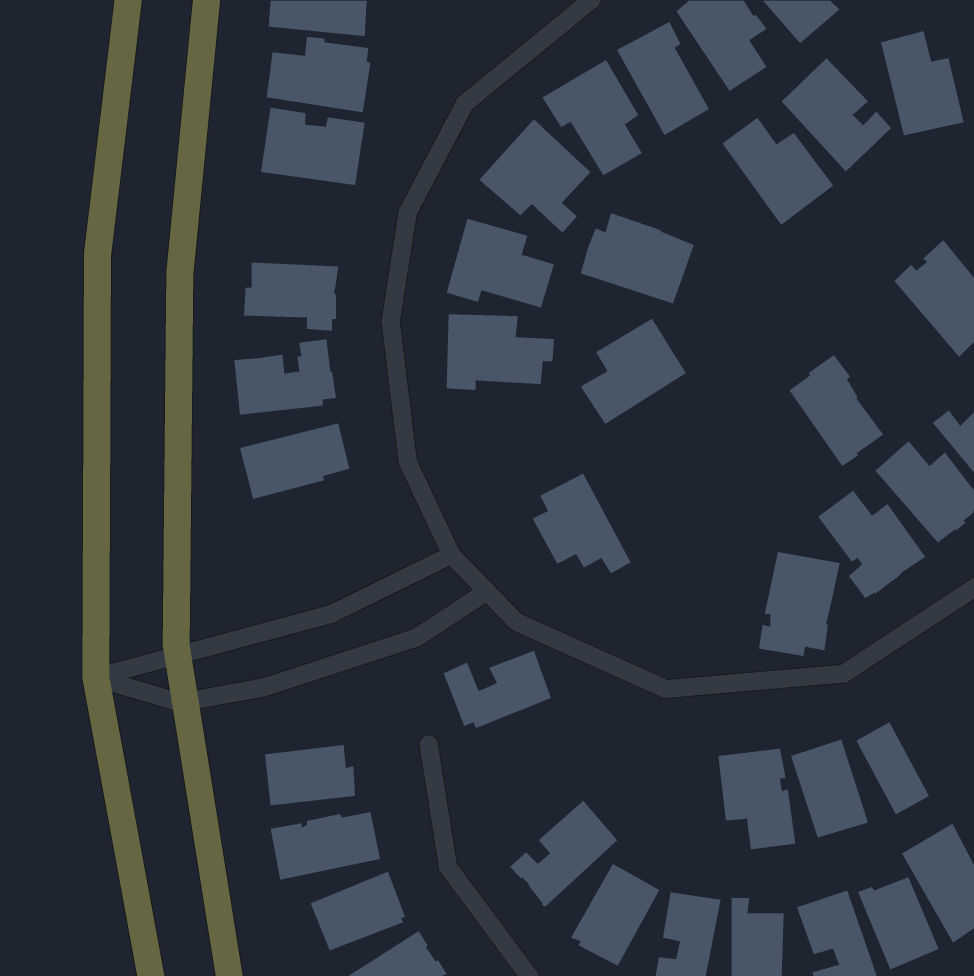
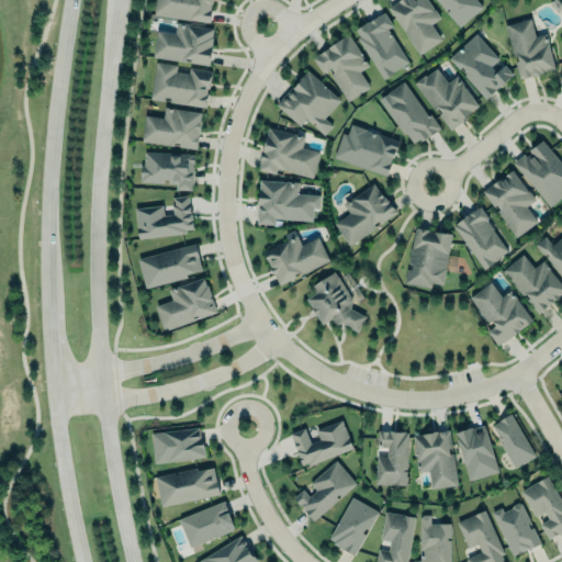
building: none -> [382,81,438,147]
building: none -> [143,106,204,149]
building: none -> [483,170,538,238]
building: none -> [263,231,330,285]
building: none -> [156,277,218,331]
building: [758,551,840,657] -> [406,227,453,288]
building: [443,650,552,729] -> [291,420,353,465]
building: none -> [376,431,409,486]

